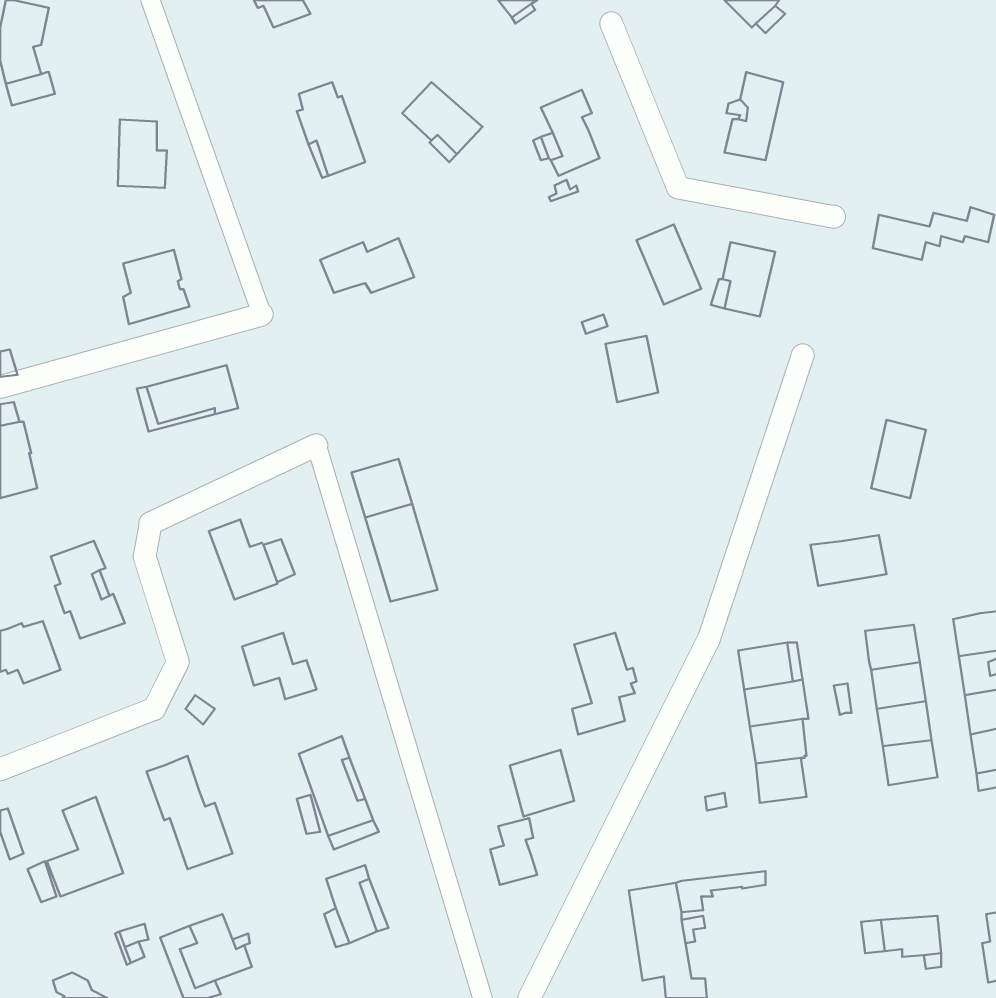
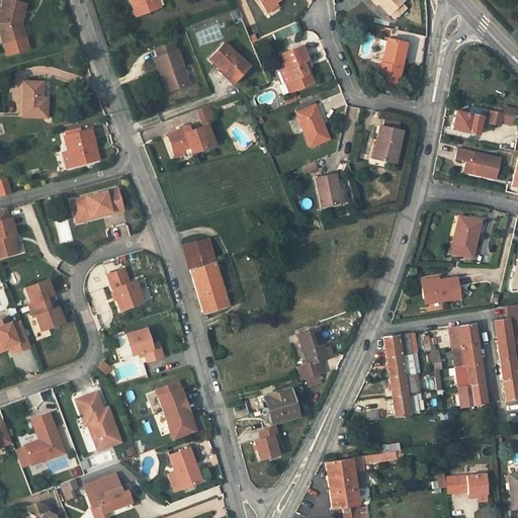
building: [118,119,167,188] -> [23,82,49,117]
building: [637,224,701,304] -> [296,105,330,147]
building: none -> [455,148,500,178]

